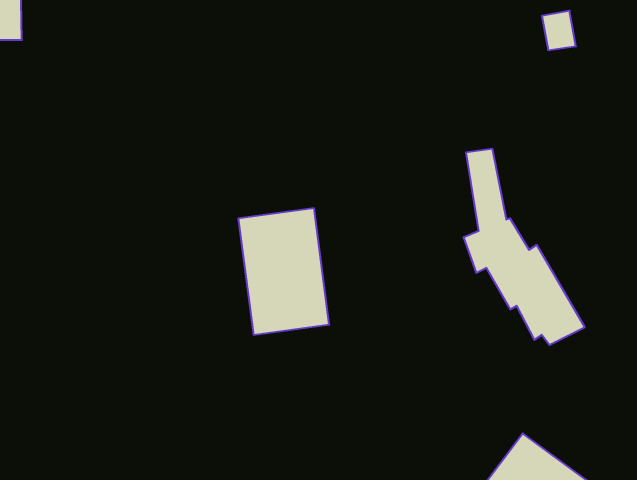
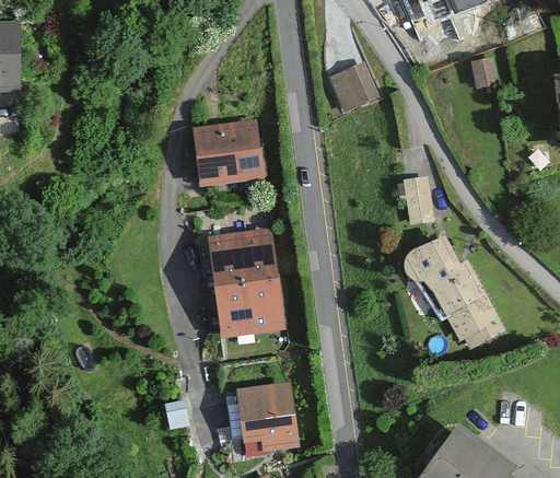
building: none -> [334,66,380,113]
building: none -> [190,120,264,187]
building: none -> [234,381,299,453]

